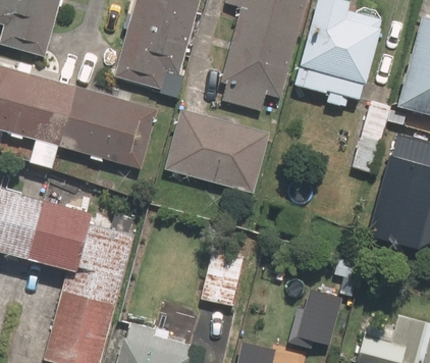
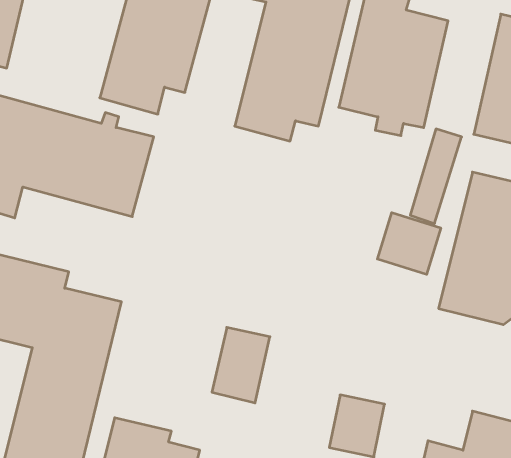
building: [162,109,268,193] -> none
building: none -> [377,213,441,274]

